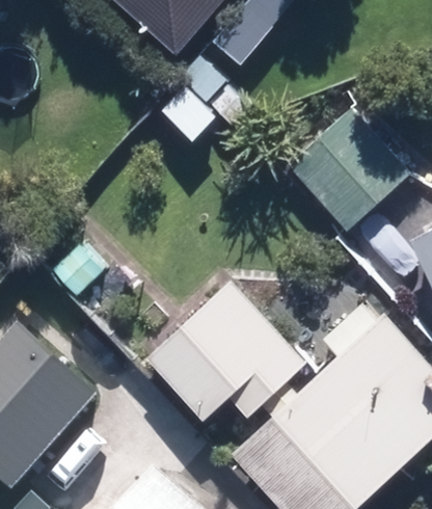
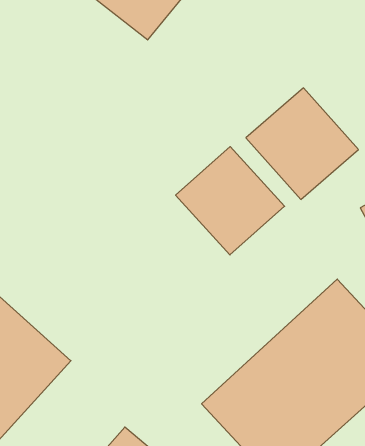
building: none -> [176,147,285,255]
building: [145,279,305,439] -> none

